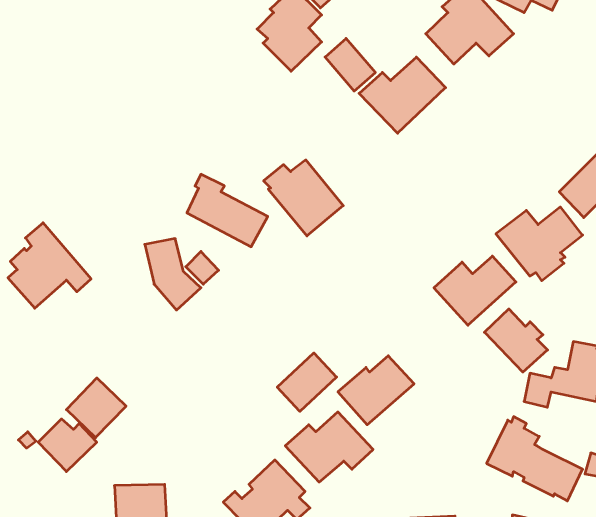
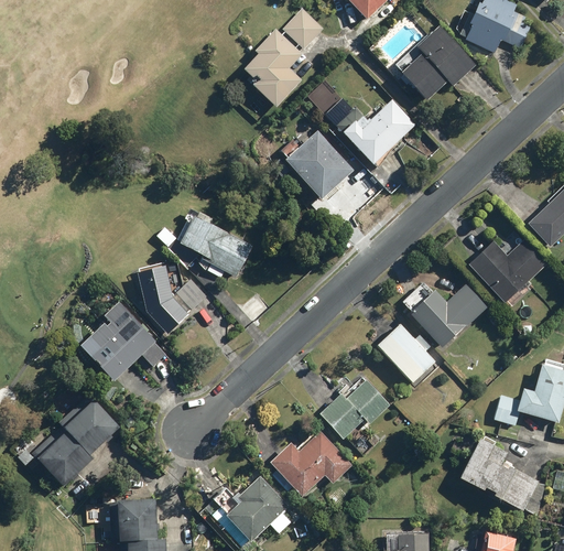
building: [264,160,343,236] -> [279,130,354,202]
building: [8,223,91,308] -> [88,300,166,380]
building: [484,309,548,372] -> [376,322,435,381]
building: [277,353,337,411] -> none

